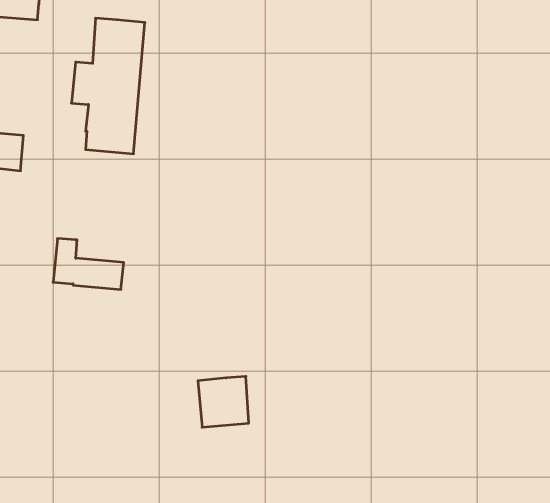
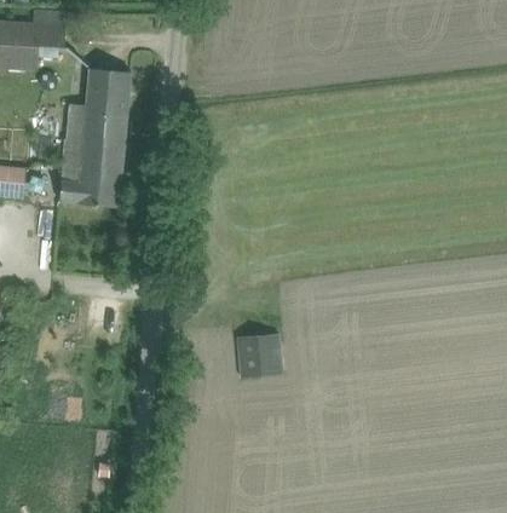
building: [53,239,124,289] -> [59,163,120,207]
building: [198,376,249,427] -> [237,333,281,376]

